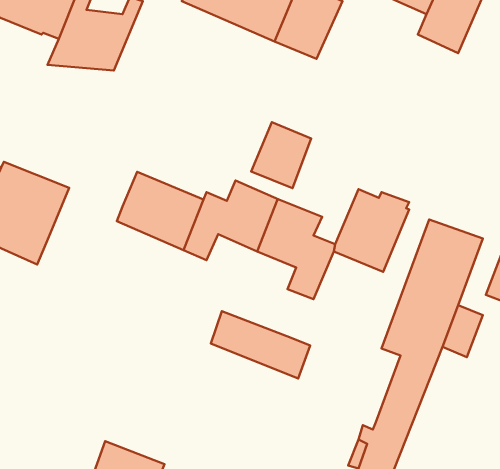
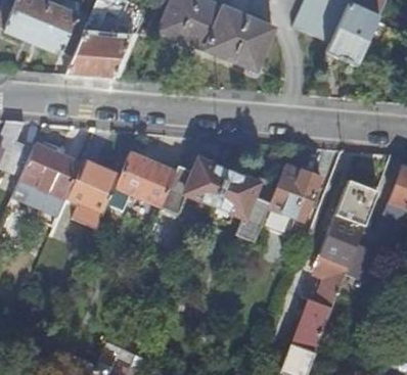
building: [251,122,311,188] -> none
building: none -> [66,158,119,228]
building: [211,311,310,378] -> none

